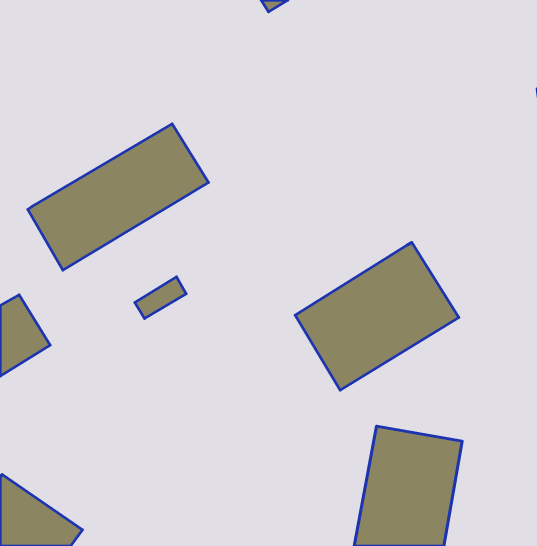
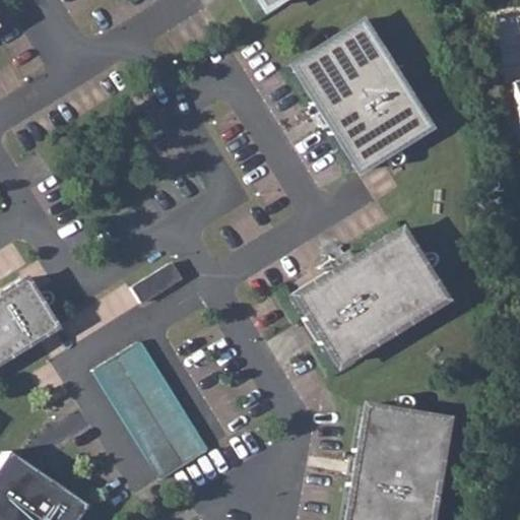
building: none -> [292,22,431,173]
building: [28,124,209,270] -> none
building: none -> [99,342,212,480]

